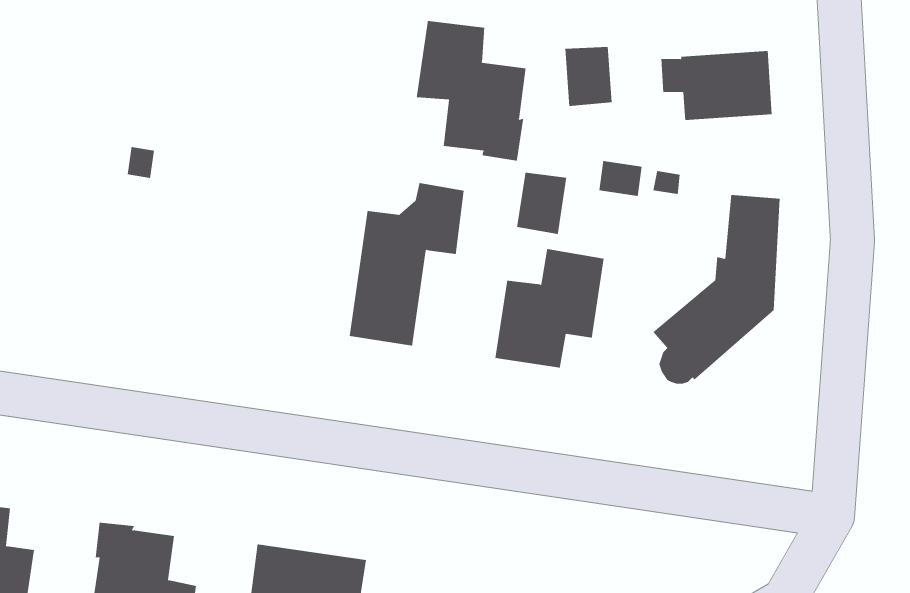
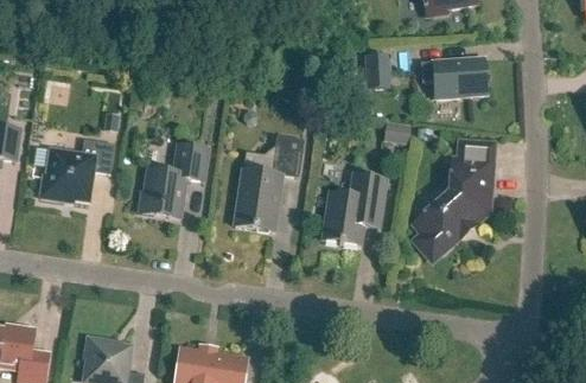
building: [416,20,526,161] -> none
building: [517,172,567,235] -> none
building: none -> [39,138,114,200]
building: none -> [138,143,209,217]

